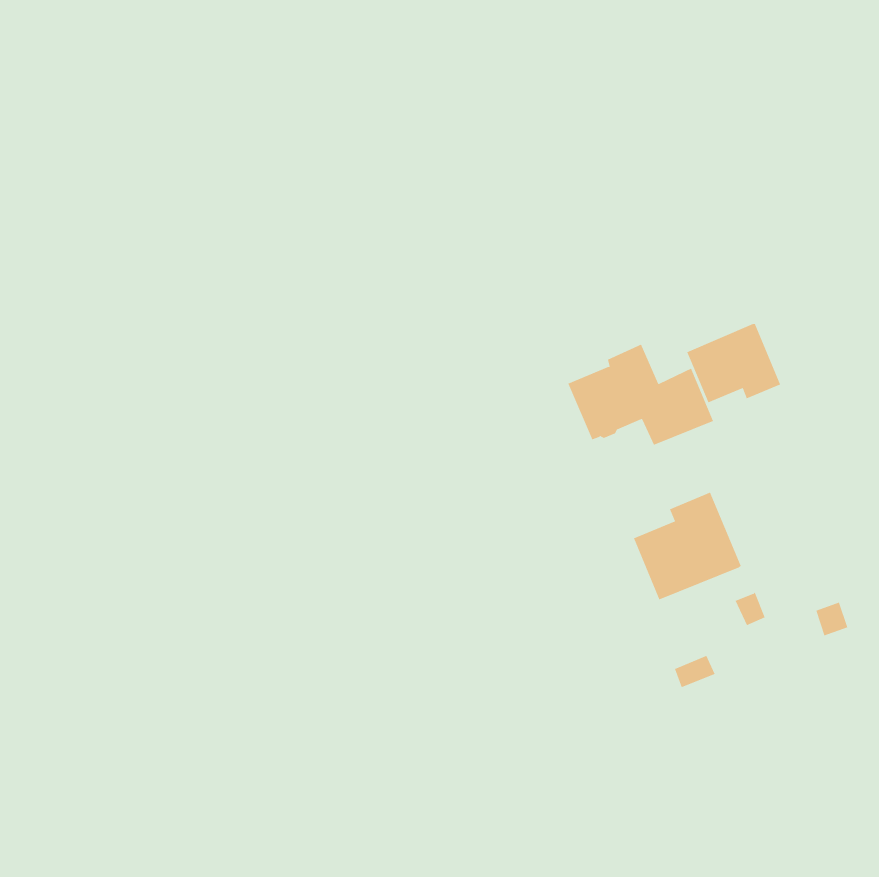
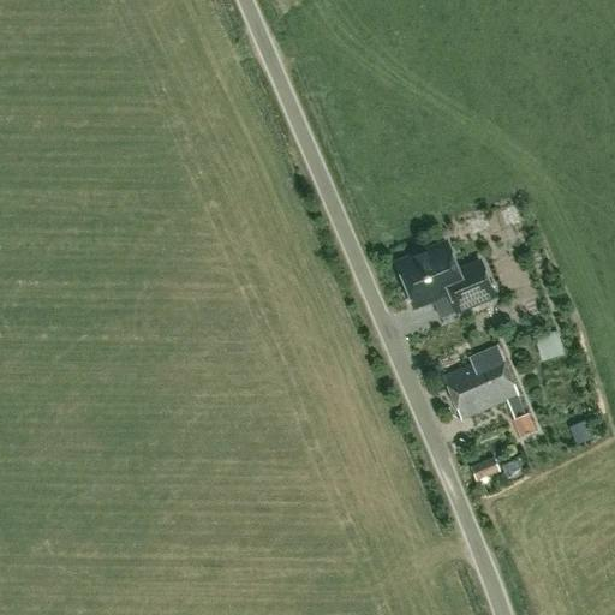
building: [687,323,781,403] -> none

